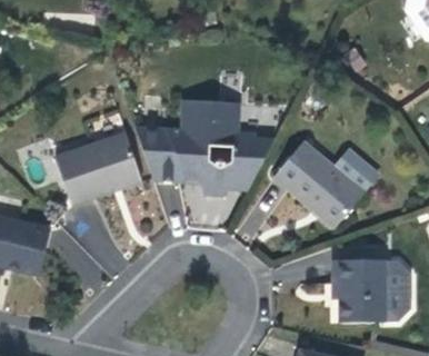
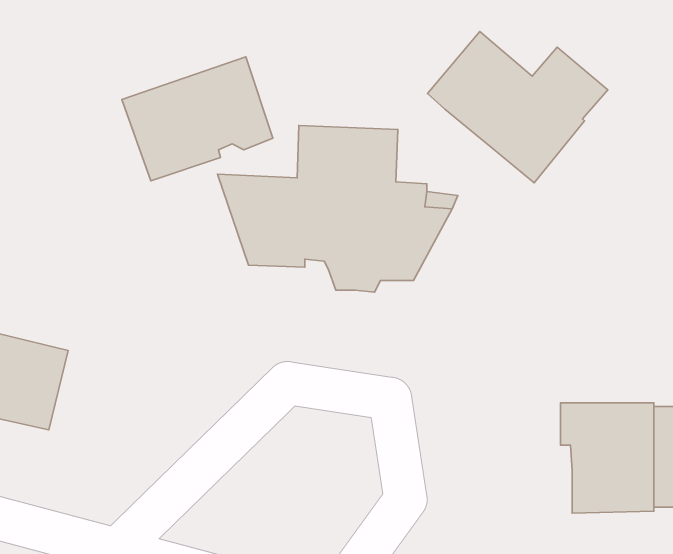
building: [54,132,141,204] -> [122,57,273,181]
building: [273,140,377,227] -> [427,32,608,183]

